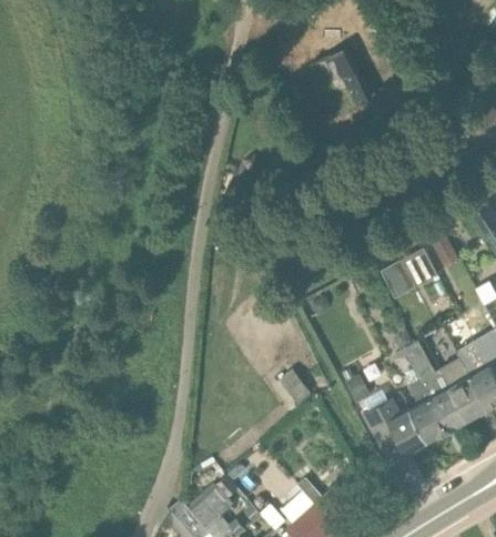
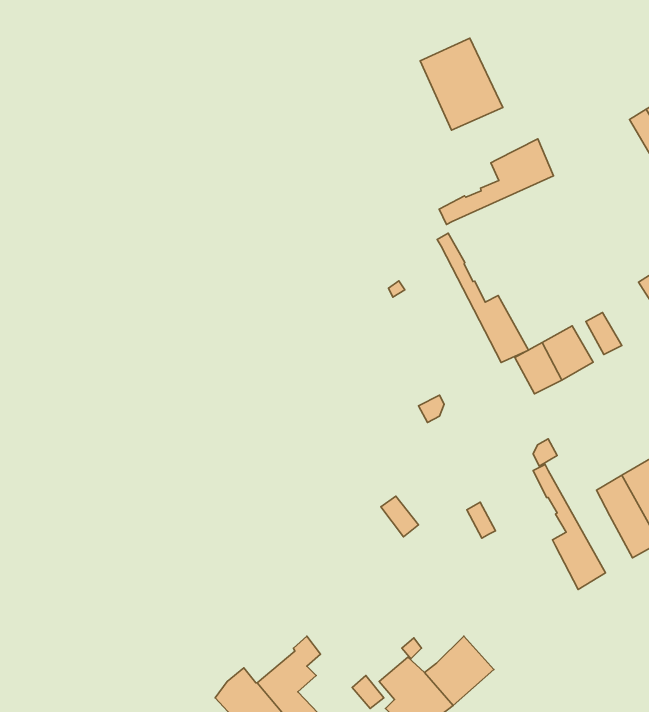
building: none -> [439,139,553,224]
building: none -> [437,233,528,363]
building: [406,348,468,429] -> none
building: [364,399,428,459] -> none

